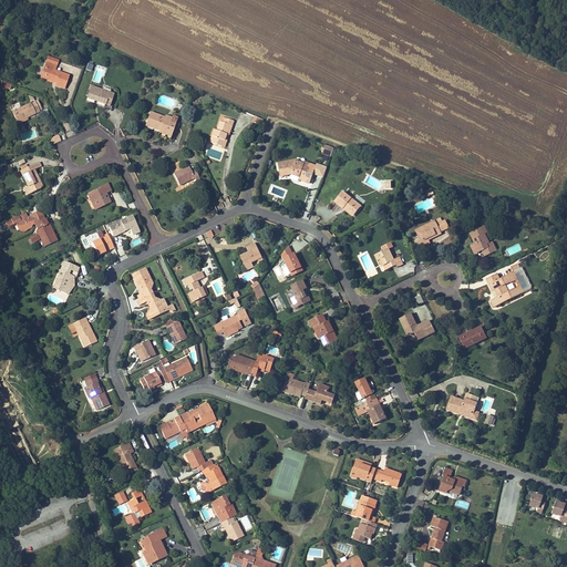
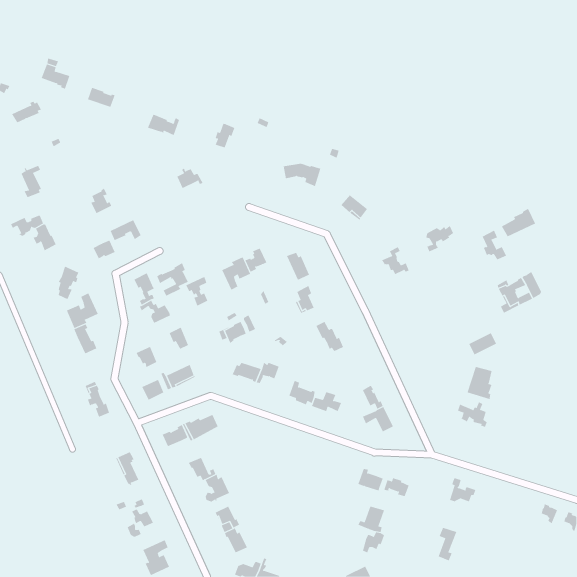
building: none -> [501,208,536,237]
building: none -> [222,257,251,290]
building: none -> [156,262,188,297]
building: none -> [66,293,98,329]
building: [399,312,434,337] -> none
building: none -> [467,366,492,400]

